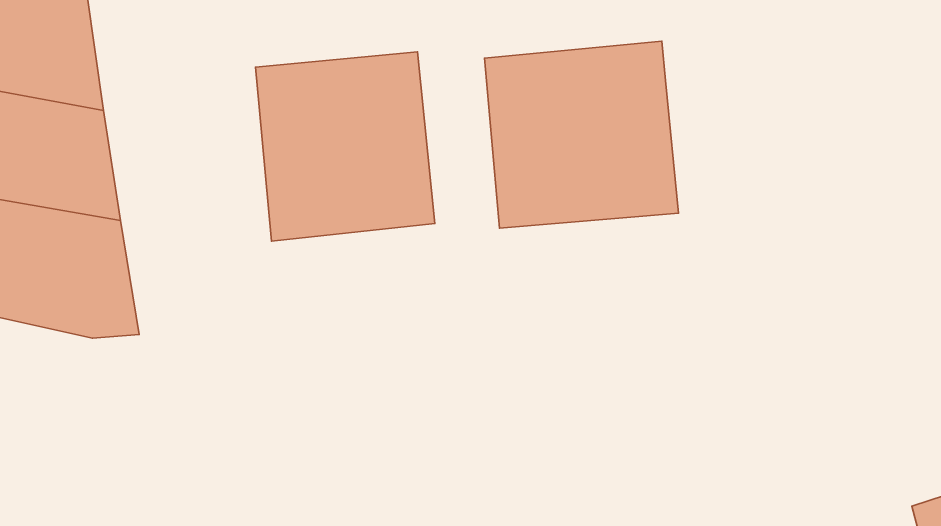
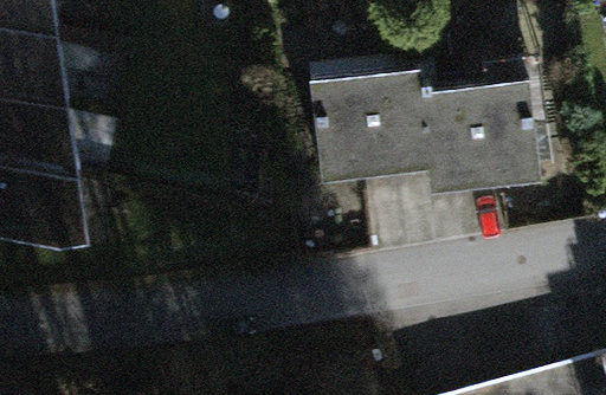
building: [255,52,435,241] -> none
building: none -> [426,78,544,196]

